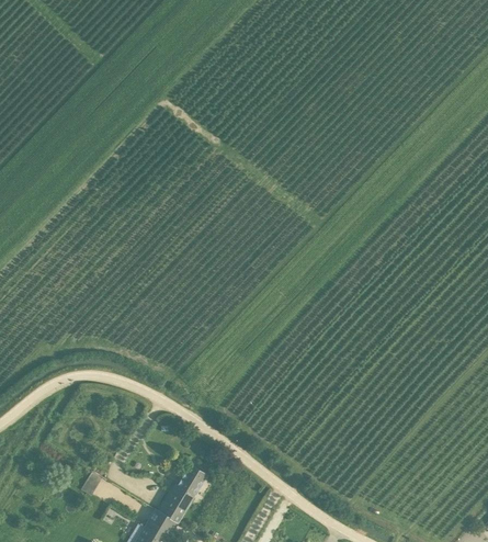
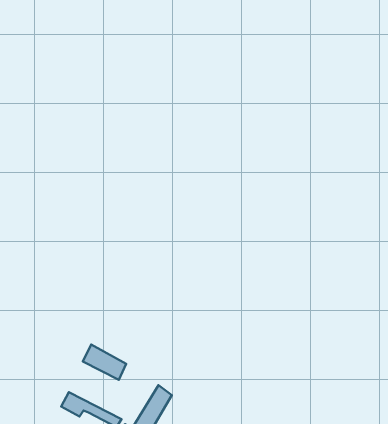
building: none -> [83,345,126,380]

